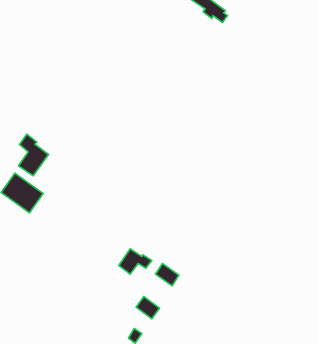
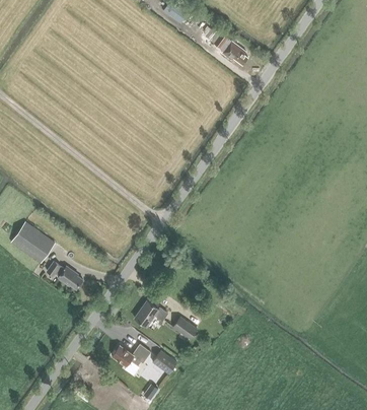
building: [18,134,48,176] -> none
building: none -> [47,261,82,288]
building: none -> [112,343,150,365]

